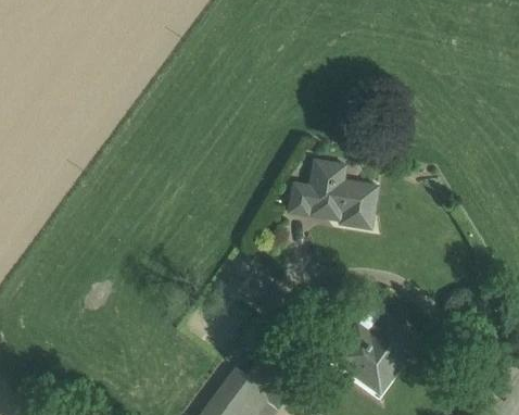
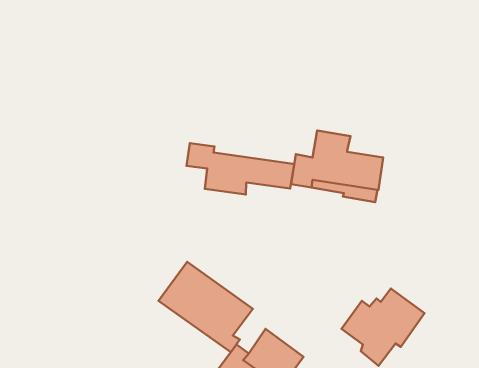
building: none -> [186,143,294,195]
building: none -> [158,262,253,352]

